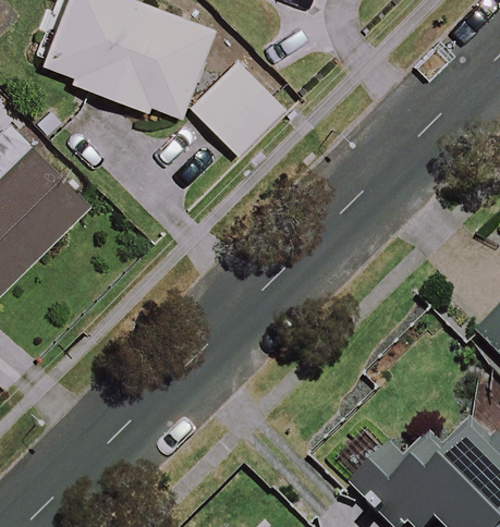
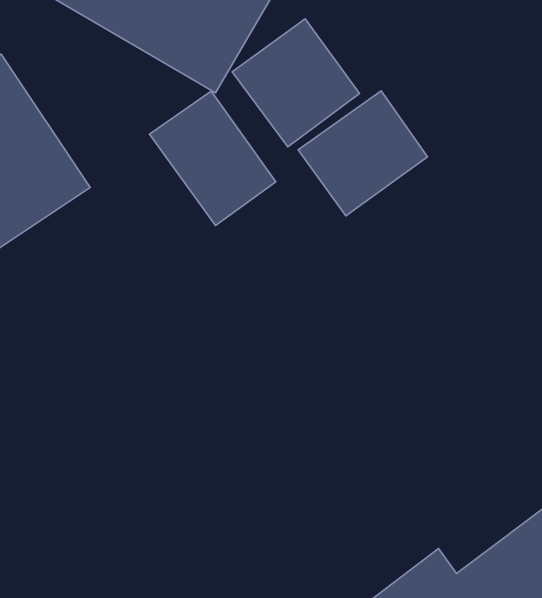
building: none -> [298,91,428,216]
building: none -> [149,91,276,226]

